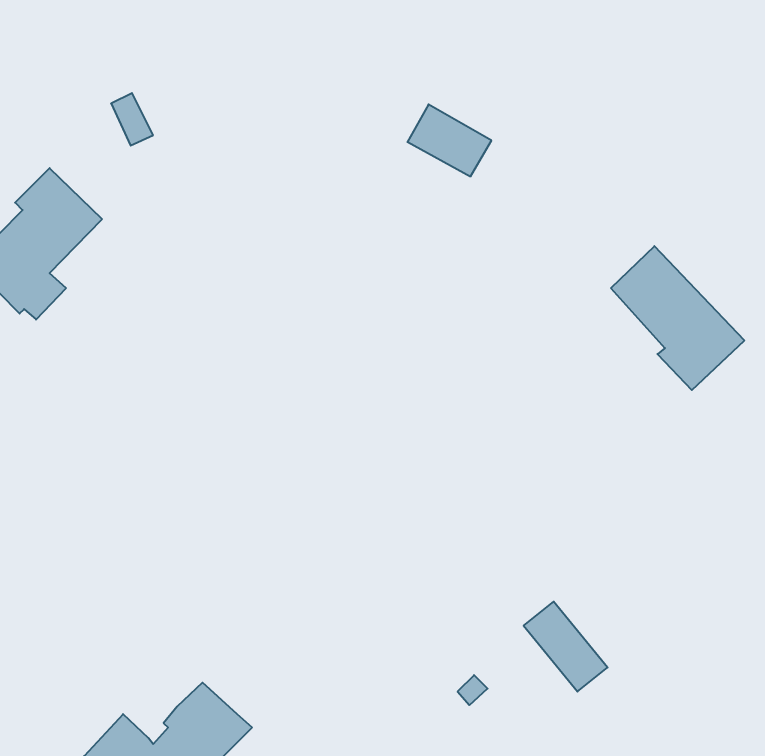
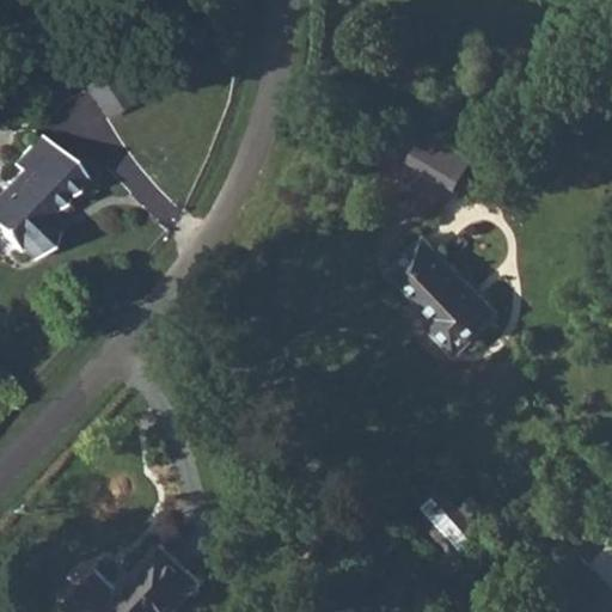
building: [407,104,491,176] -> [410,136,477,194]
building: [611,246,744,390] -> [392,243,498,357]

